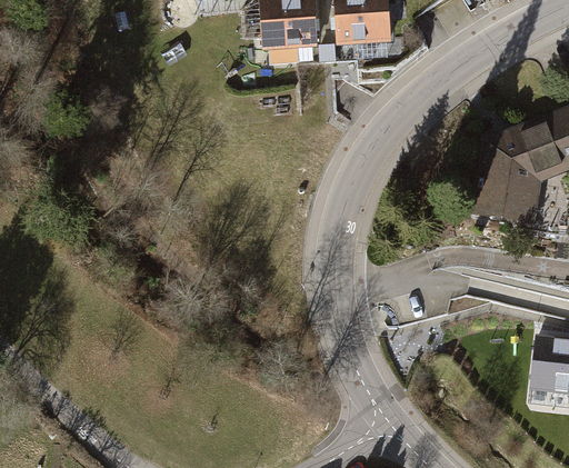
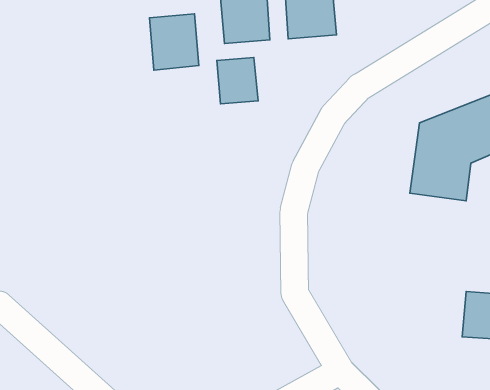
building: none -> [149,14,199,70]
building: none -> [217,58,258,104]

